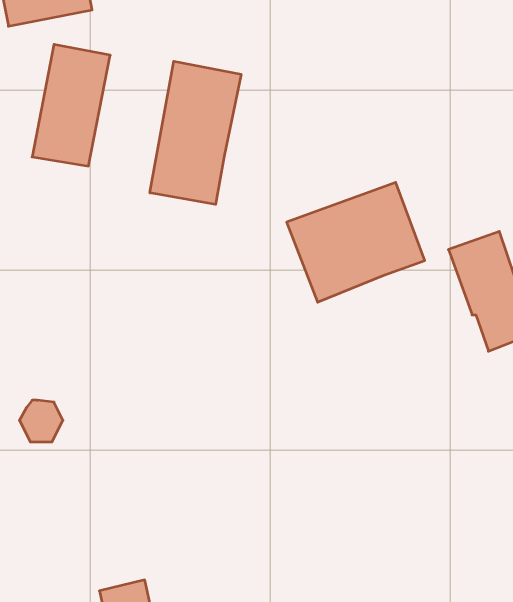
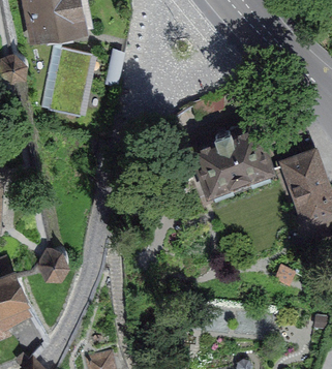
building: [150,61,241,204] -> none

